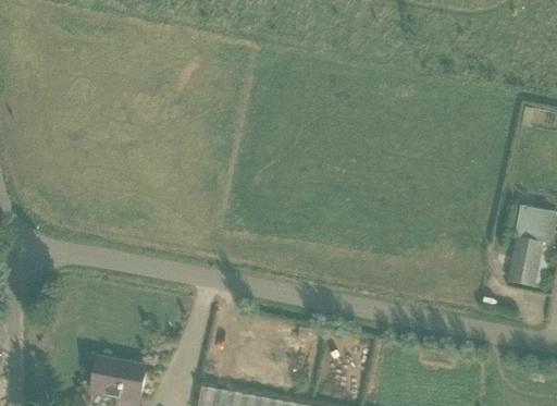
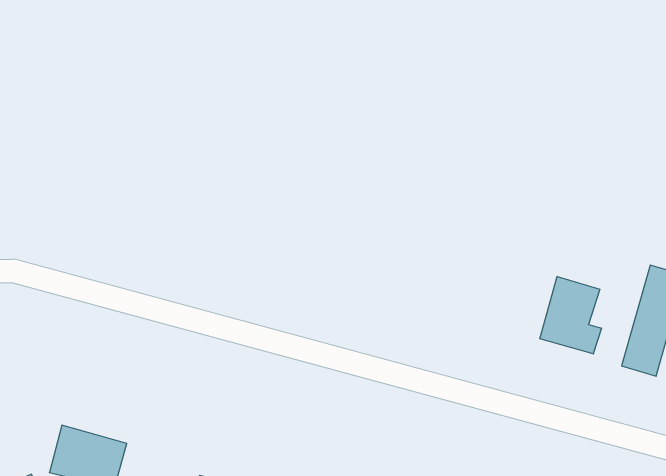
building: none -> [540,276,601,354]

